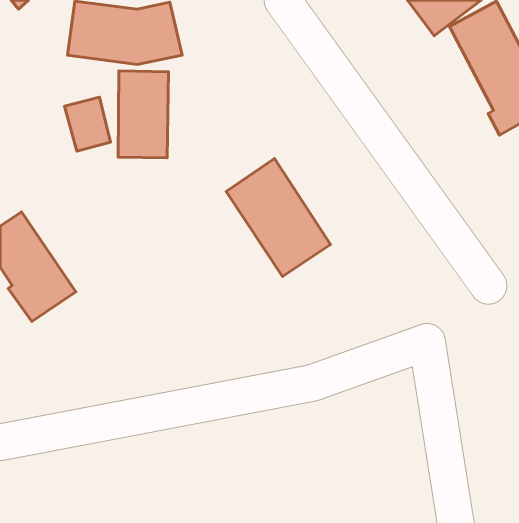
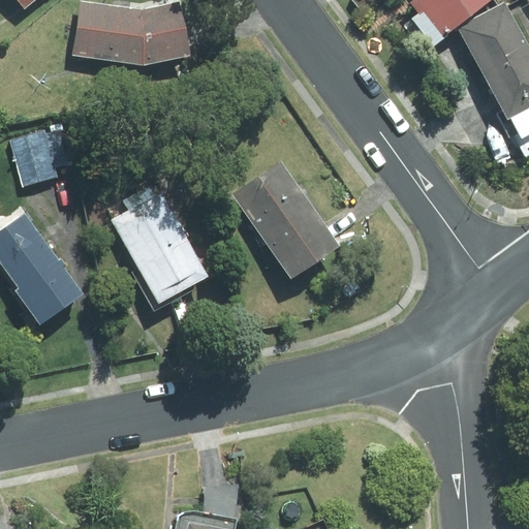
building: [118,71,168,158] -> none
building: [65,97,111,151] -> [11,131,58,186]
building: none -> [112,192,206,303]

